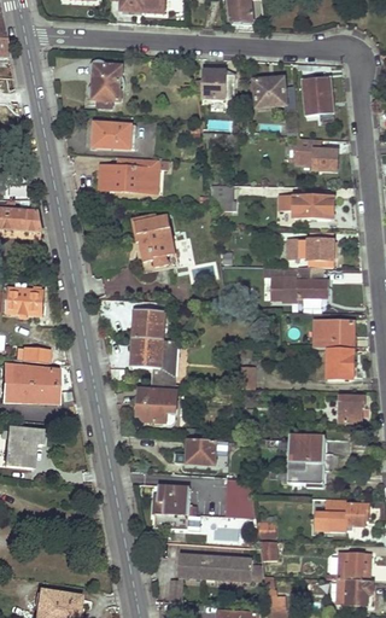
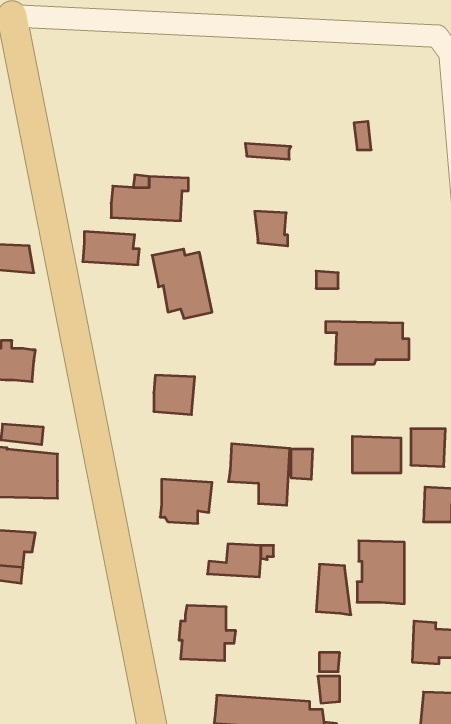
building: [93,64,122,100] -> none
building: [204,70,235,98] -> none
building: [302,76,335,116] -> none
building: [255,77,294,106] -> none
building: [92,123,135,148] -> [83,232,139,265]
building: [302,138,337,170] -> none
building: [283,194,333,218] -> none
building: [287,239,333,260] -> none
building: [316,320,353,348] -> [352,436,401,473]
building: [130,337,177,384] -> [228,444,290,505]
building: [227,479,253,518] -> [316,564,351,615]

